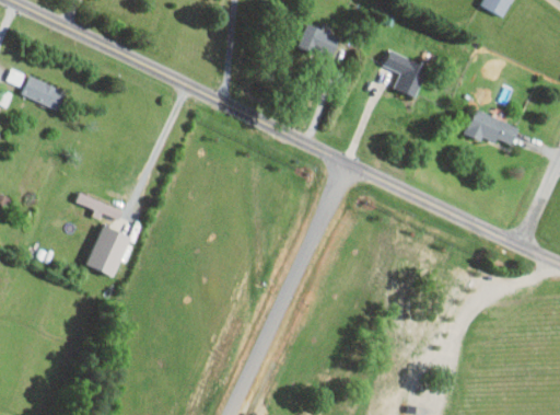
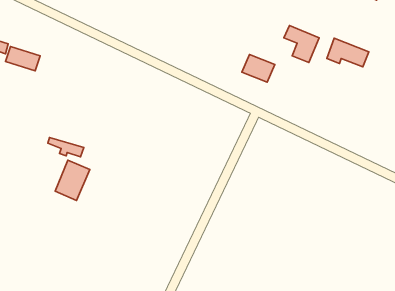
building: [296,24,339,60] -> [242,54,275,82]
building: [464,108,518,146] -> [327,38,369,67]

